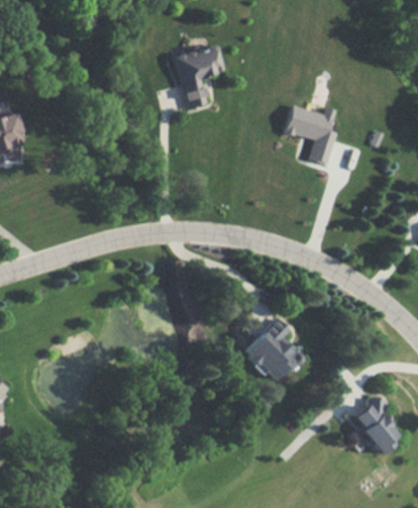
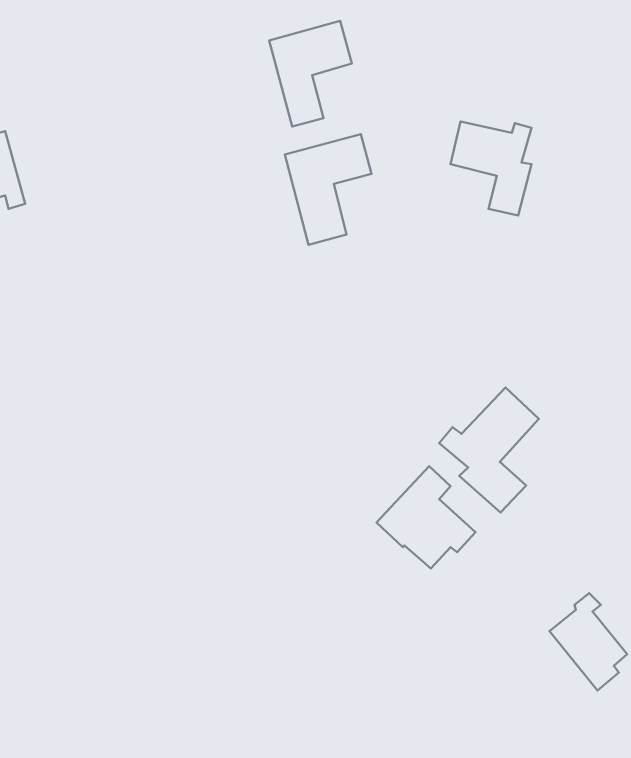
building: none -> [285,134,372,245]
building: none -> [439,387,539,512]

